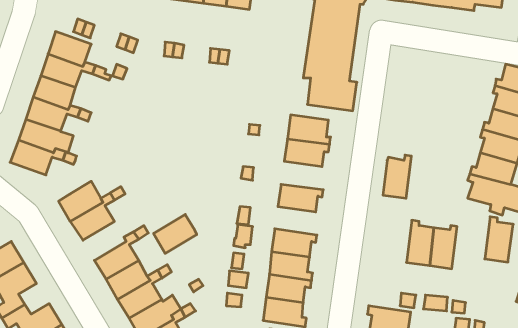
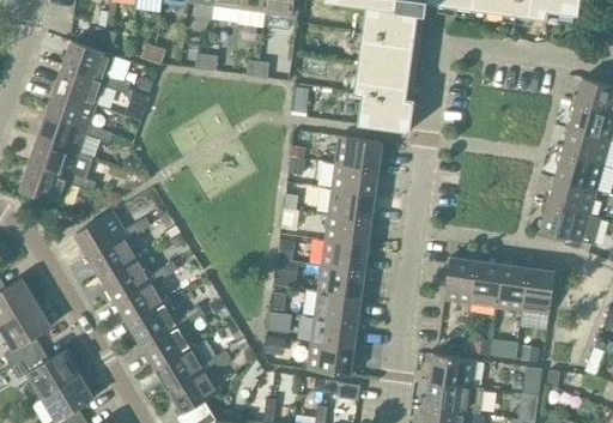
building: [383,155,411,198] -> [443,255,475,304]
building: none -> [327,189,376,222]
building: none -> [320,241,369,273]
building: [154,214,197,253] -> [102,258,151,302]
building: [485,217,513,262] -> [521,264,553,315]

